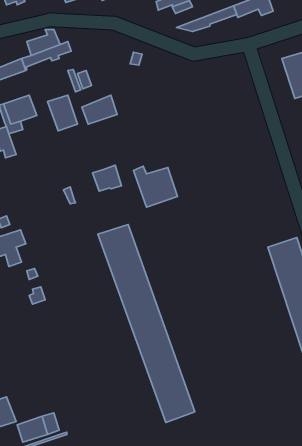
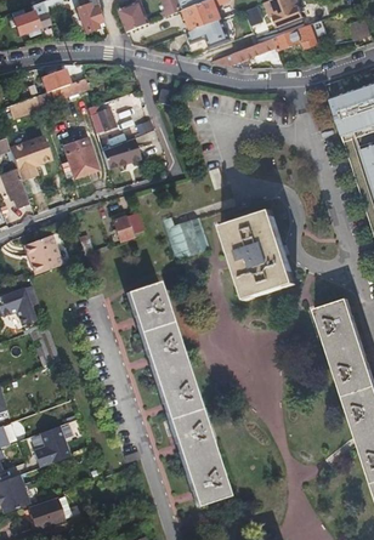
building: none -> [217,208,293,299]
building: none -> [29,237,63,277]
building: none -> [26,422,72,466]

